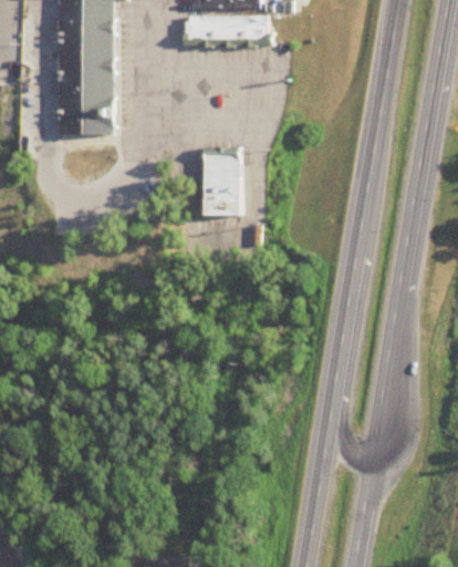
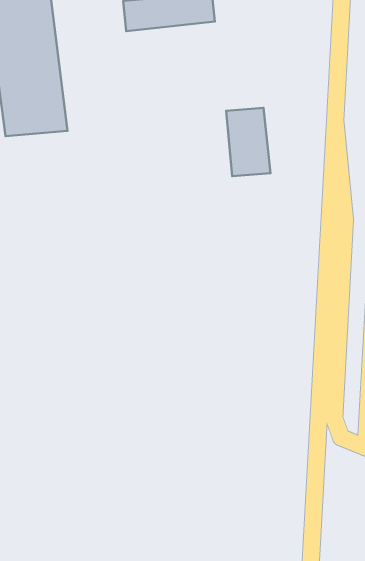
building: [206,148,242,212] -> [226,108,271,176]

